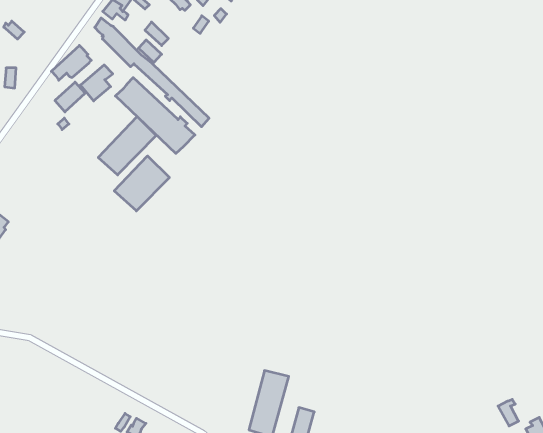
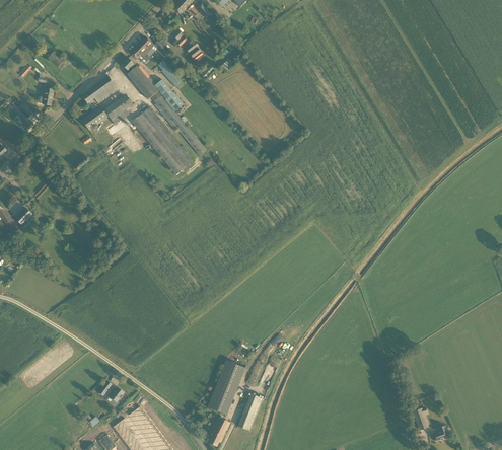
building: [98,117,156,175] -> none
building: [114,156,169,211] -> none

